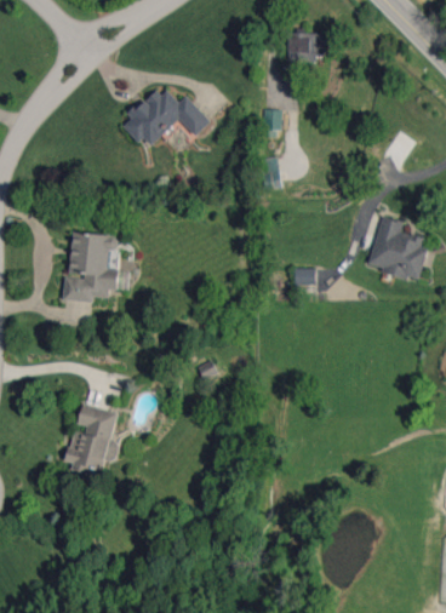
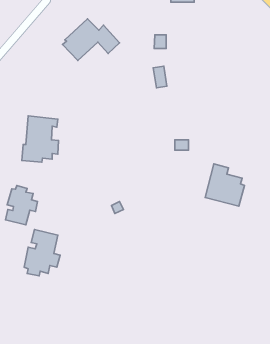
building: [367,216,427,280] -> [205,164,244,206]
building: none -> [5,186,38,225]

